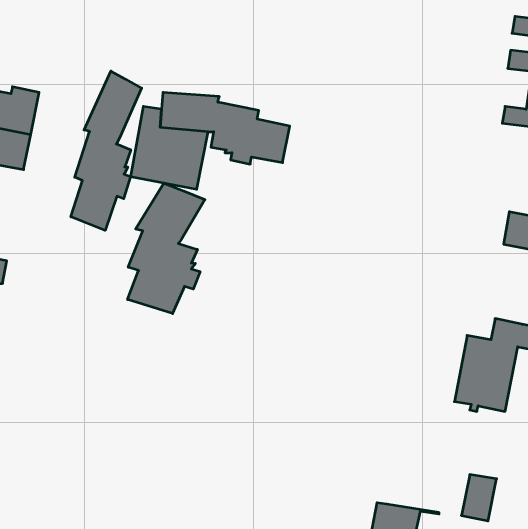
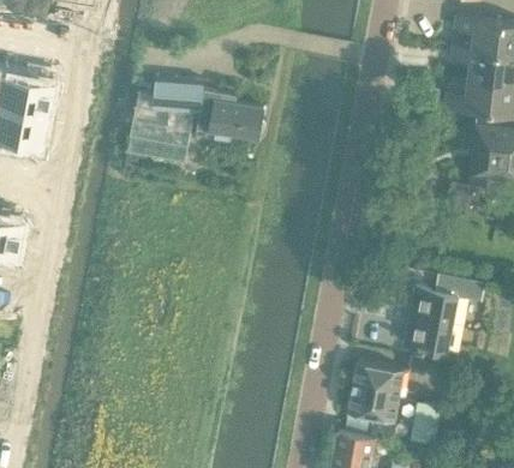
building: [71,71,142,230] -> none
building: [128,183,205,314] -> none
building: none -> [347,361,405,438]

